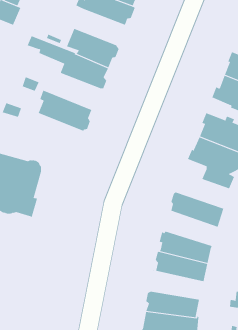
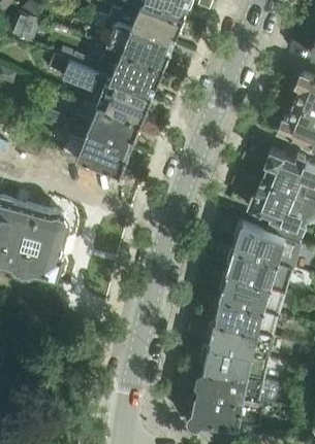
building: none -> [106,24,170,69]
building: none -> [68,100,139,148]
building: none -> [232,224,300,270]
building: none -> [218,272,285,316]
building: none -> [201,346,267,382]

